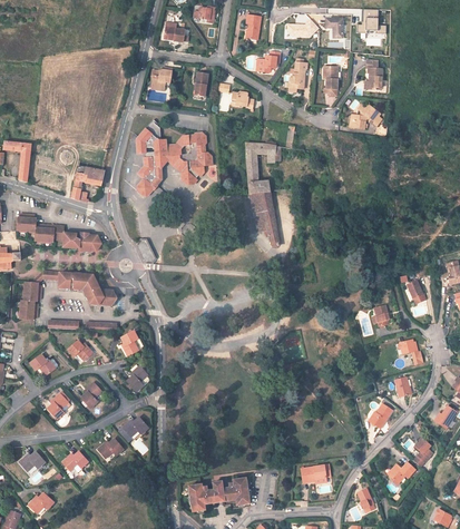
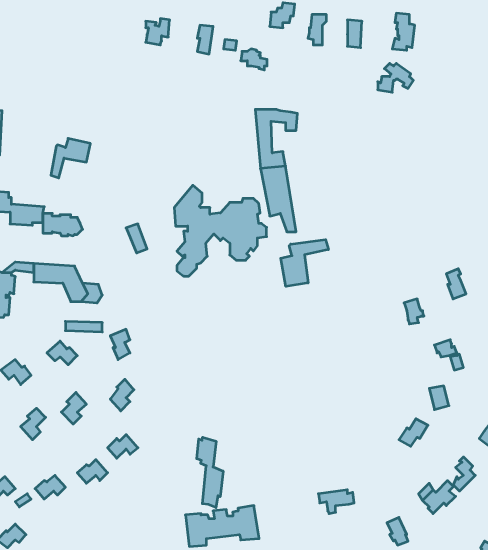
building: [134,121,212,198] -> [174,185,267,276]
building: none -> [281,240,328,286]
building: none -> [197,437,223,508]

